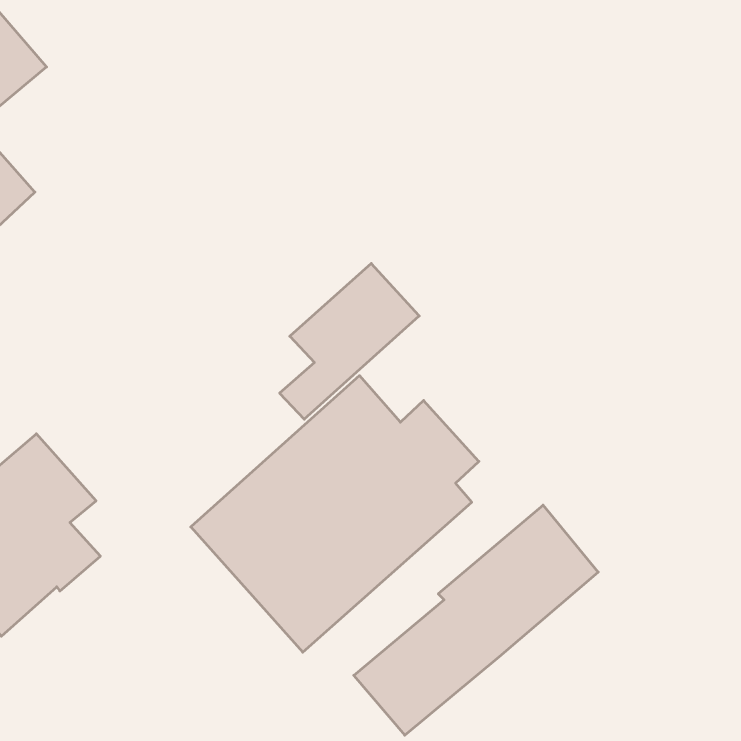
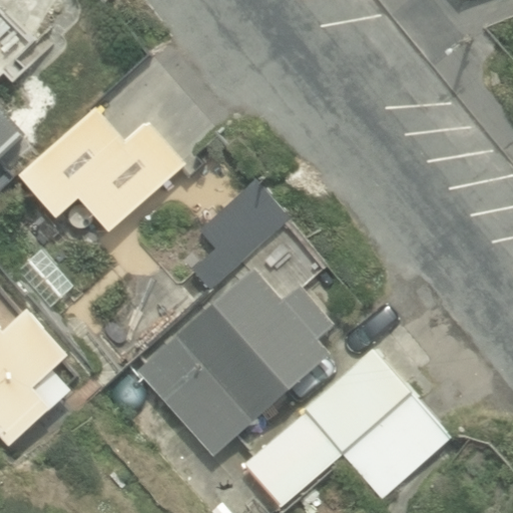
building: none -> [20,110,185,232]
building: none -> [344,396,452,501]

